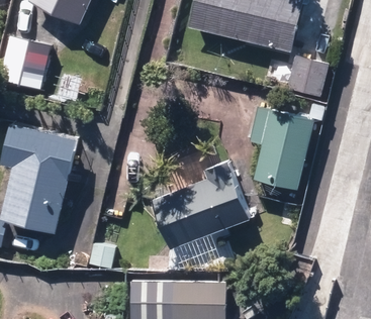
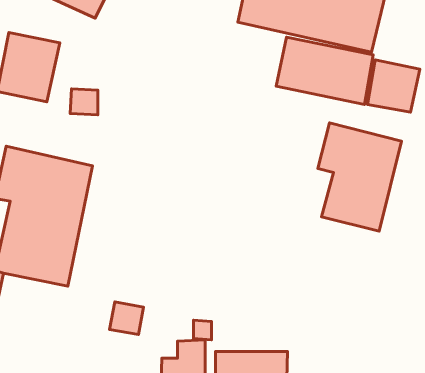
building: none -> [276,37,373,104]
building: [151,163,250,249] -> none

